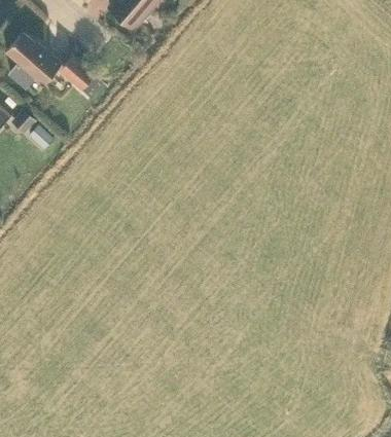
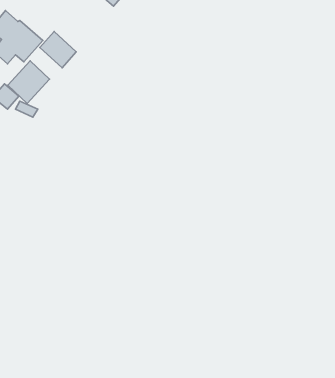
building: none -> [8,61,50,103]

